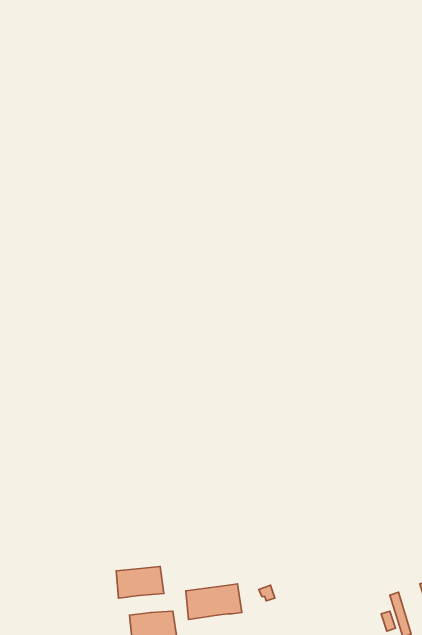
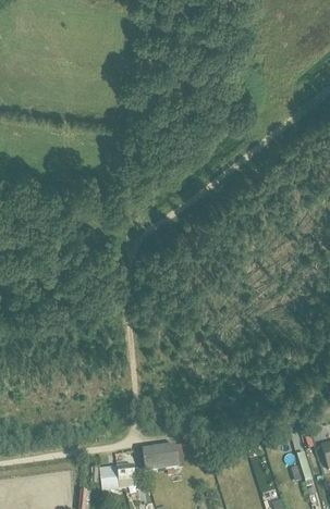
building: [116,566,164,598] -> none

